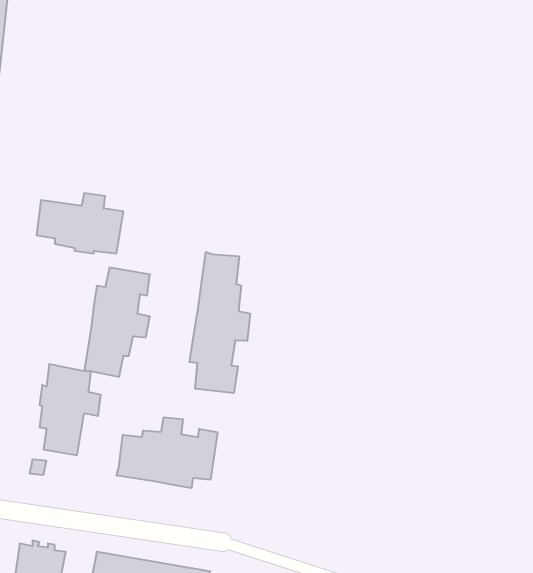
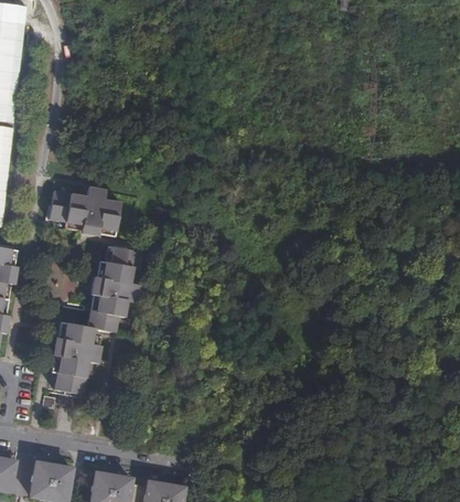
building: [190,252,250,393] -> none
building: [117,417,218,488] -> none

